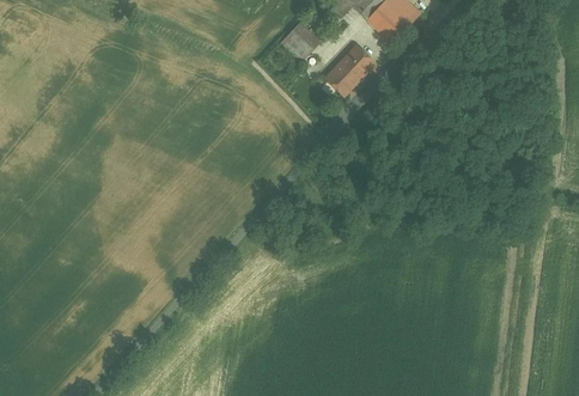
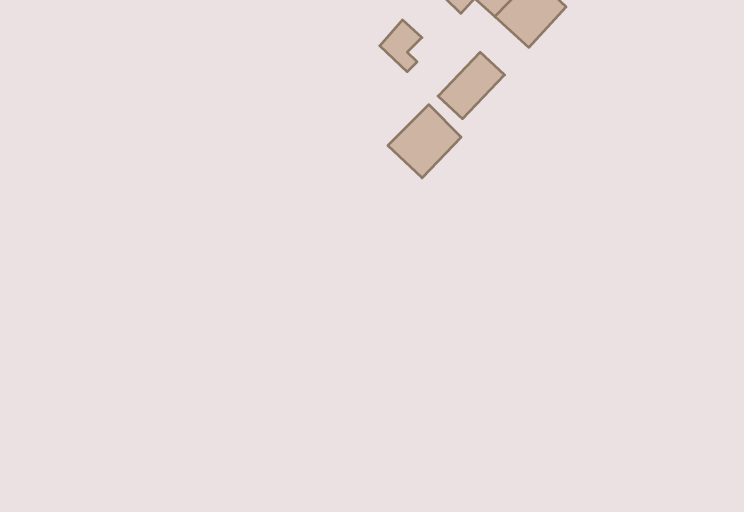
building: none -> [388,105,461,178]

